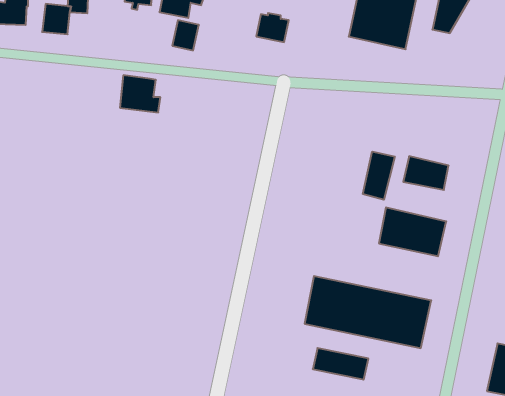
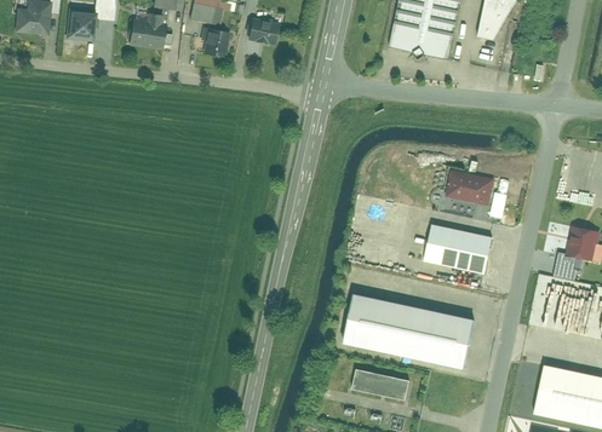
building: [256,13,289,42] -> [247,17,281,47]
building: [120,75,160,112] -> [130,12,172,51]
building: [363,152,395,200] -> none

